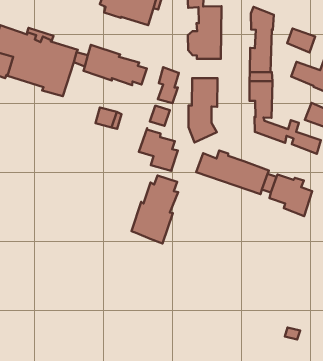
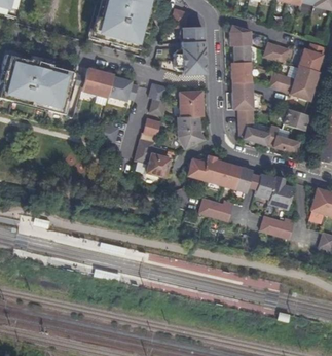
building: [131,175,178,243] -> none
building: none -> [200,200,234,221]
building: none -> [260,216,295,239]

